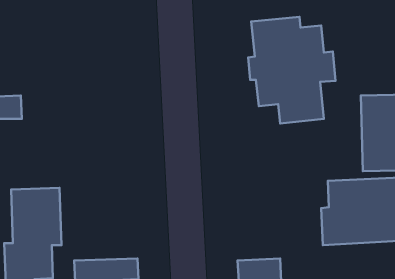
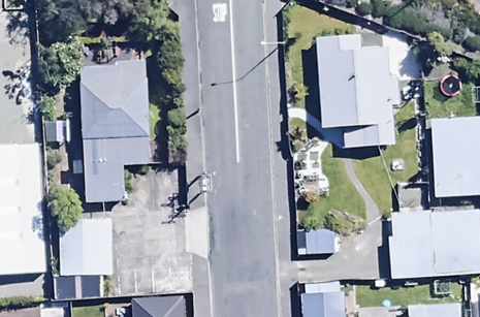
building: none -> [79,63,151,202]

